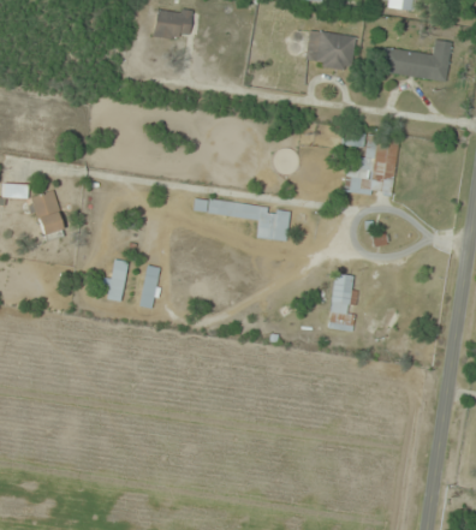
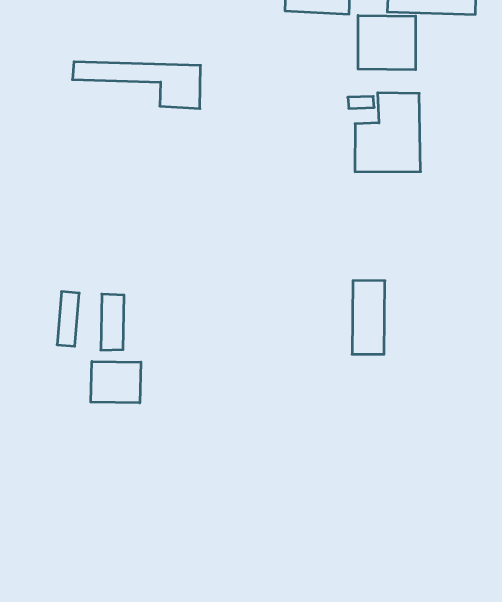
building: none -> [358,15,416,70]
building: [192,197,290,242] -> [72,62,201,109]
building: none -> [91,361,141,403]

